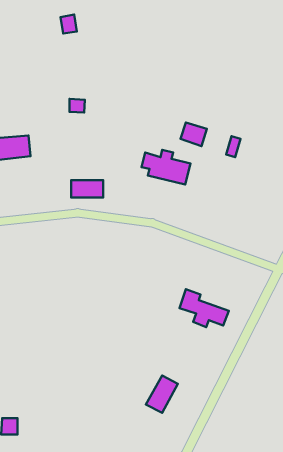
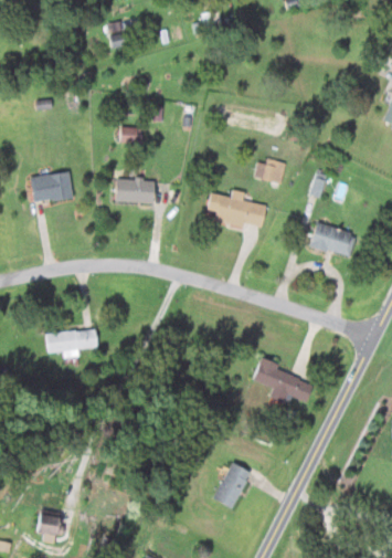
building: none -> [309,223,356,256]
building: [71,180,103,198] -> [115,180,153,201]
building: none -> [45,328,97,358]

